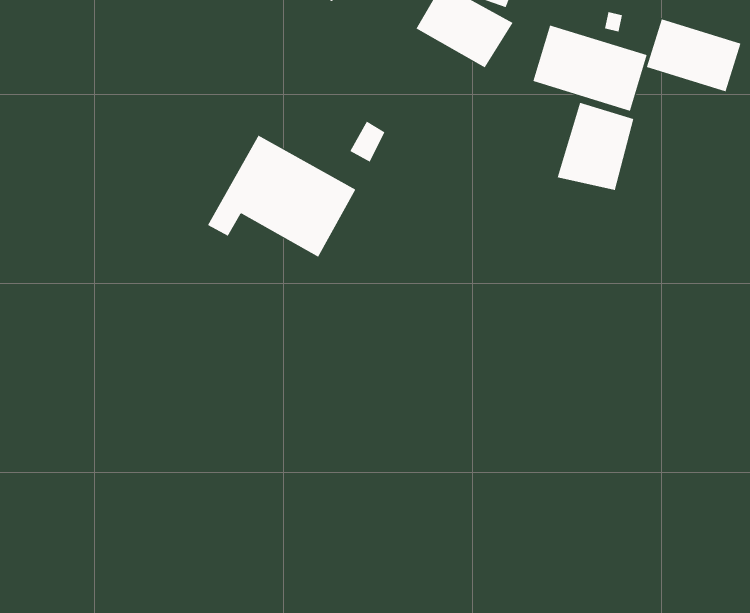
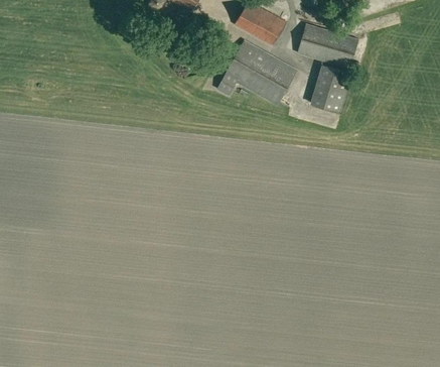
building: [646,19,741,92] -> none
building: [207,135,356,257] -> [216,39,296,105]

